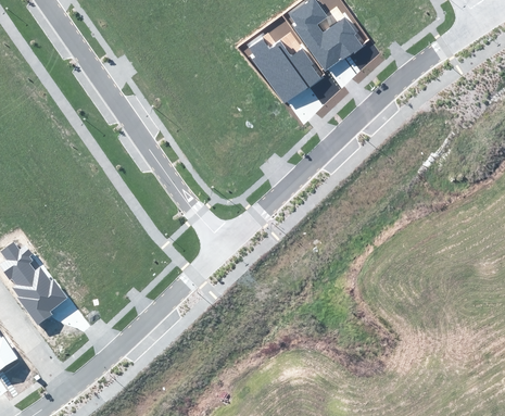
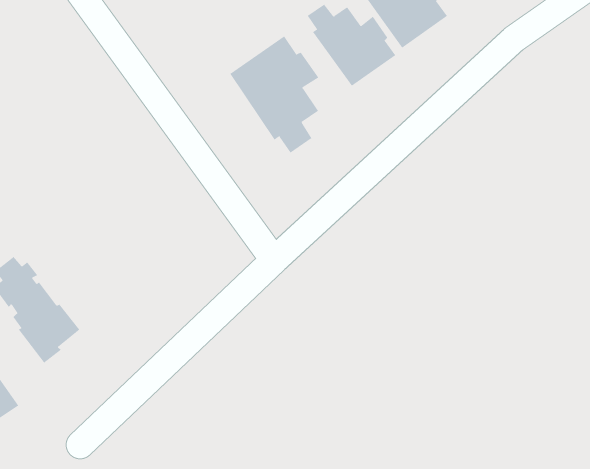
building: none -> [230,35,319,153]

